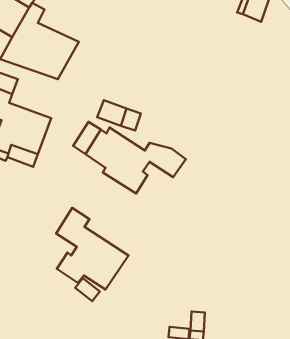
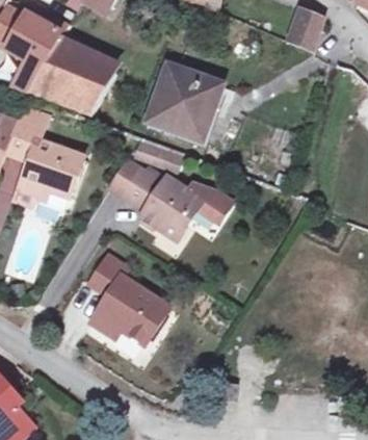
building: none -> [148,64,220,136]

